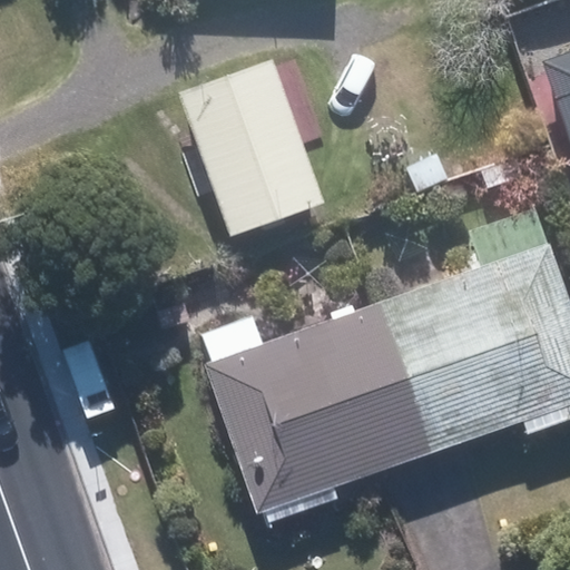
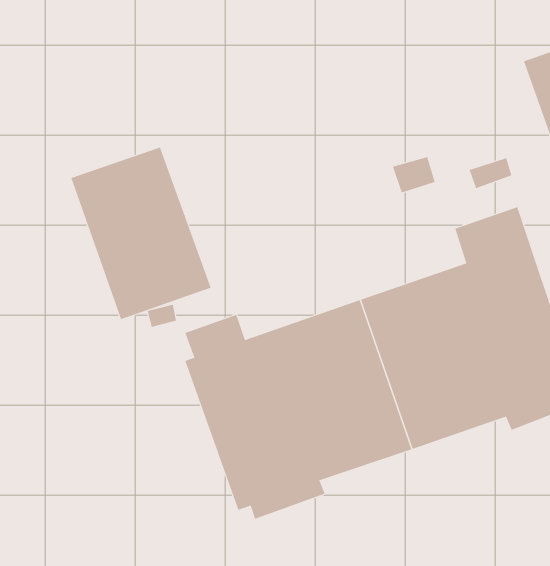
building: [183,62,324,236] -> [70,147,212,320]

